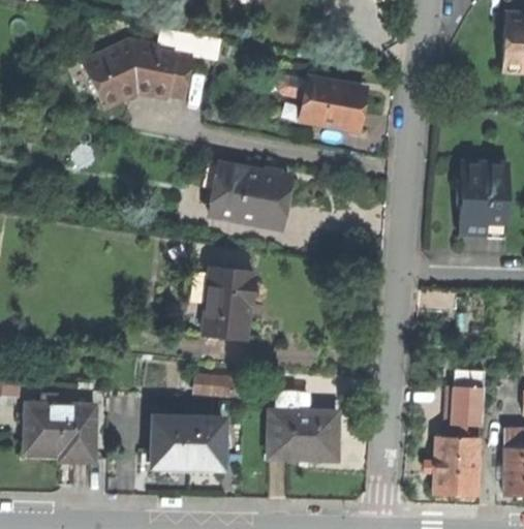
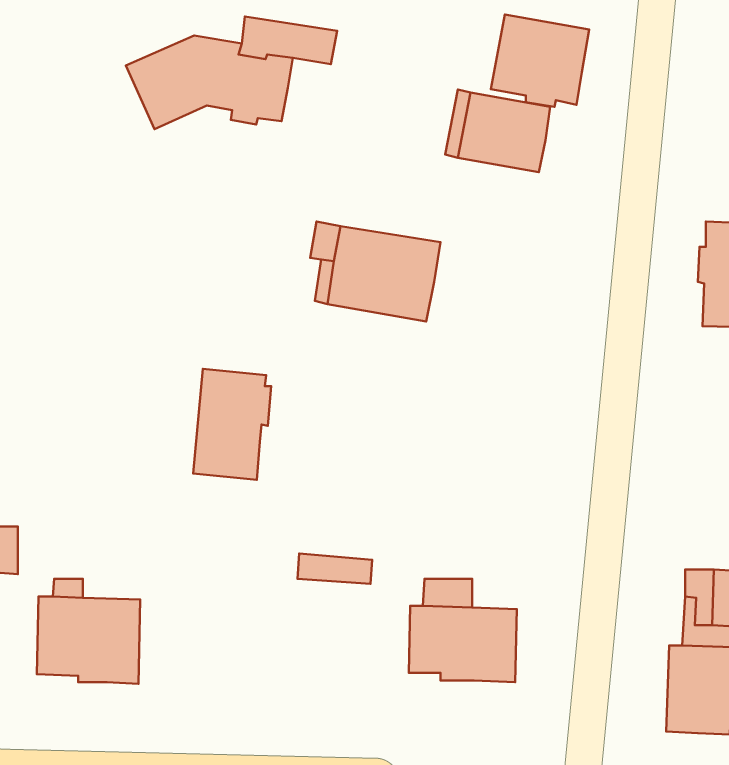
building: none -> [491,14,589,107]
building: [206,267,256,339] -> [193,369,271,480]
building: [155,418,223,468] -> none

